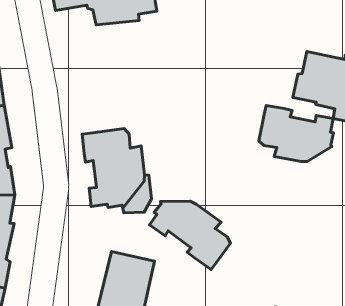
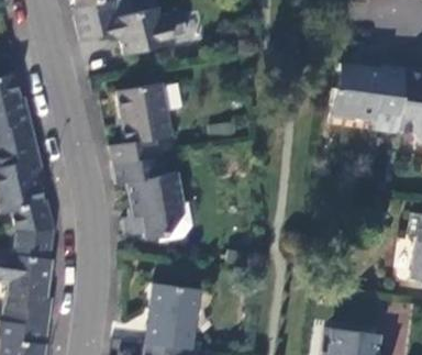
building: none -> [112,84,171,165]
building: [259,105,333,162] -> none
building: [150,201,231,270] -> none

